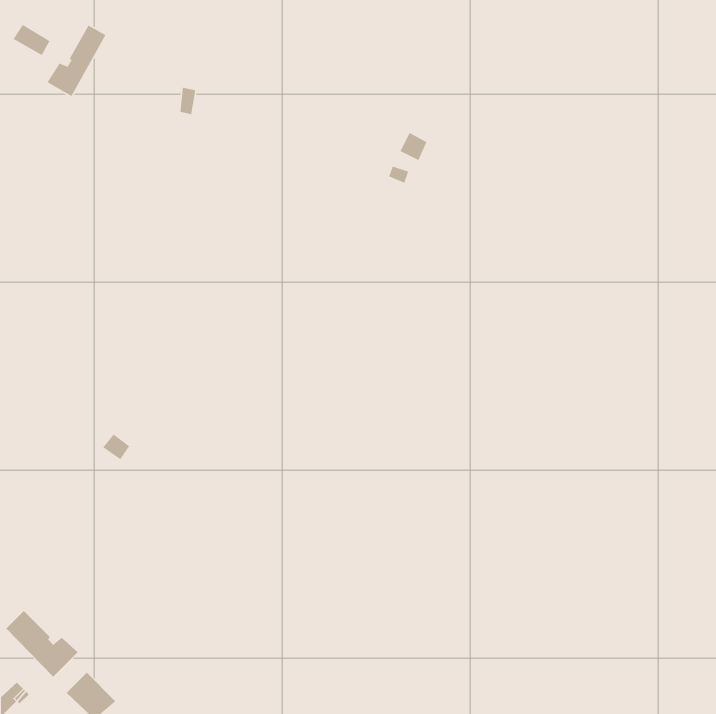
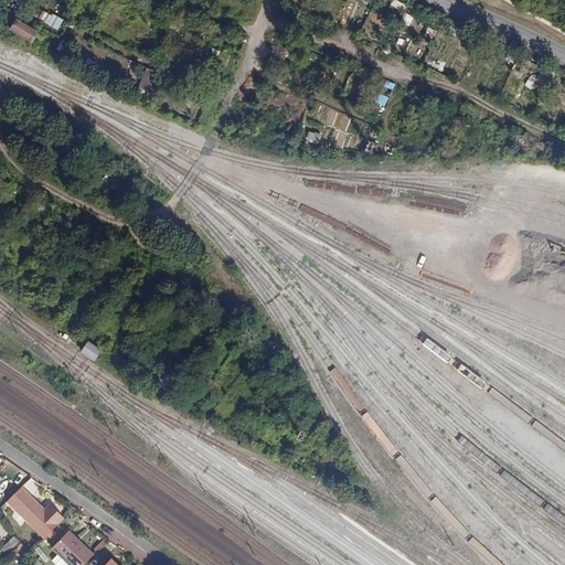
building: [47,24,106,97] -> none

